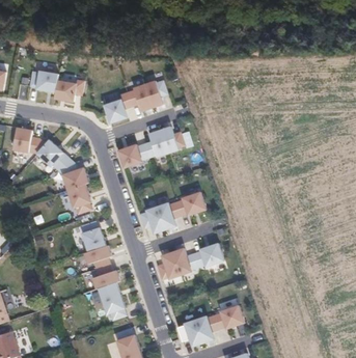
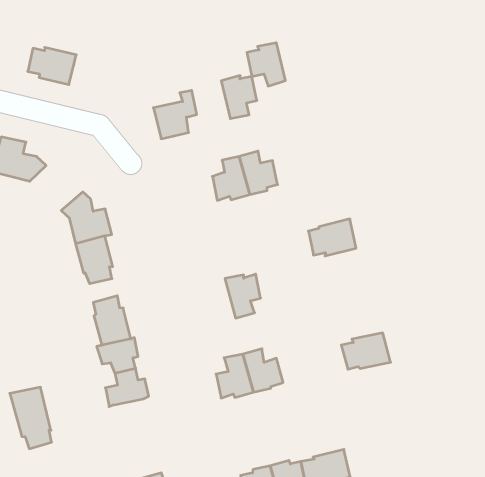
building: [54,80,83,102] -> none
building: [131,83,156,110] -> [247,43,285,86]
building: [35,139,69,170] -> none
building: [121,142,152,166] -> none
building: [179,191,209,215] -> [308,219,356,256]
building: [142,204,168,232] -> none
building: [195,242,226,266] -> [341,333,391,369]
building: [97,282,125,321] -> [10,387,52,449]

